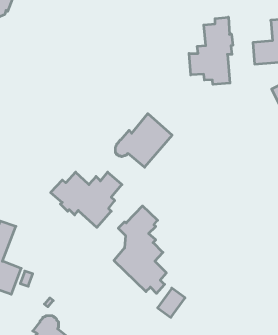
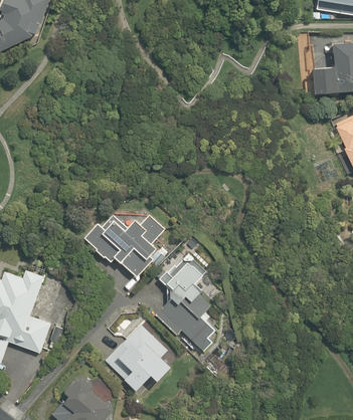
building: [189,17,233,84] -> none
building: [115,114,172,167] -> none
building: none -> [105,323,171,390]

